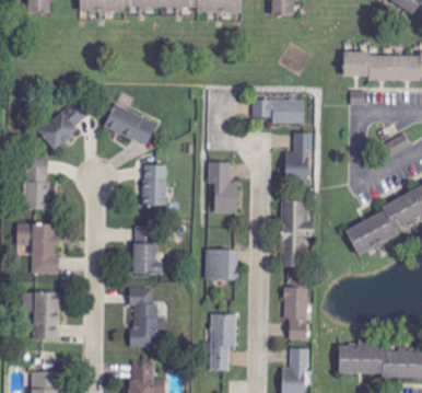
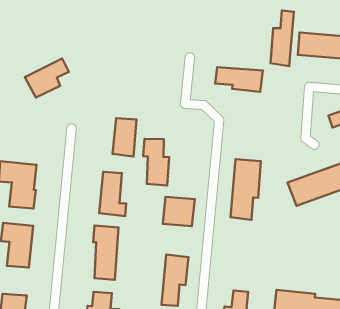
building: none -> [271,11,294,66]
building: [103,104,155,145] -> none
building: [283,131,310,182] -> none
building: [208,161,237,212] -> [143,139,169,185]
building: [23,165,49,209] -> none
building: [284,281,307,339] -> none

